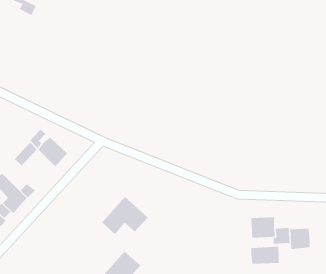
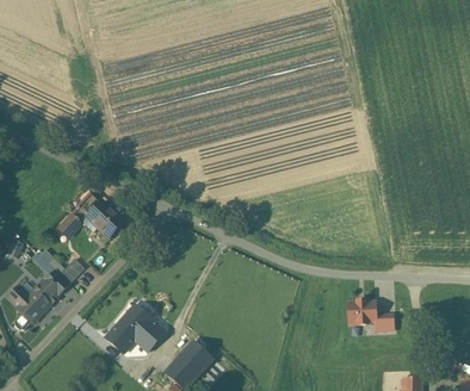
building: [102,196,148,235] -> [106,305,163,353]
building: [290,228,310,250] -> none
building: [251,246,279,264] -> none

